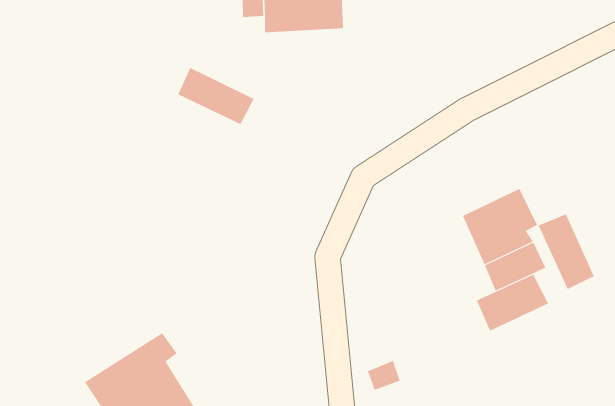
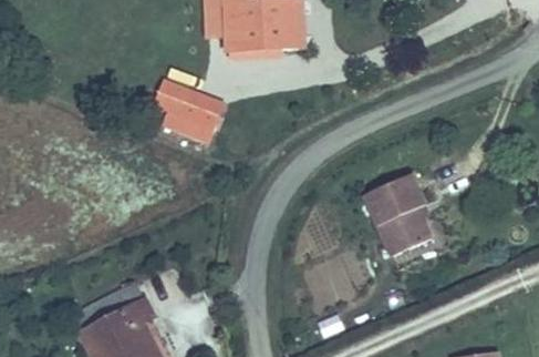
building: [538,213,594,290] -> none
building: [476,274,549,332] -> none

